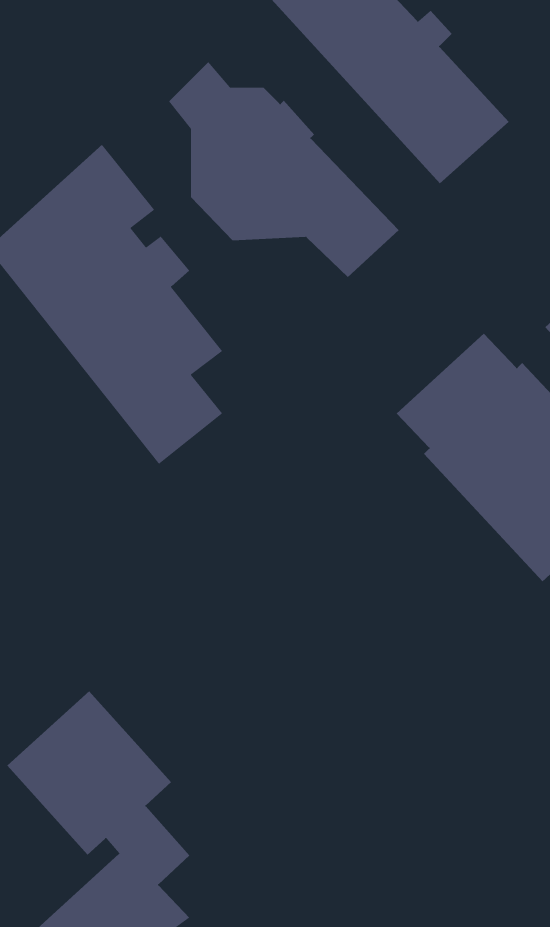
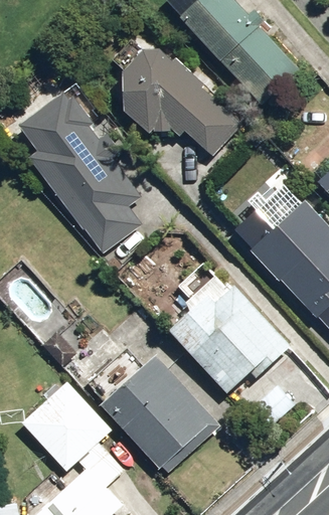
building: none -> [165,279,292,396]
building: none -> [84,349,221,479]

